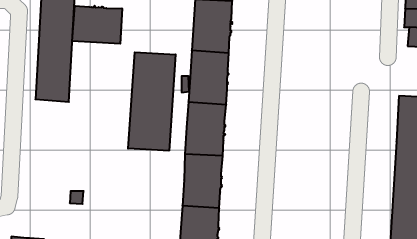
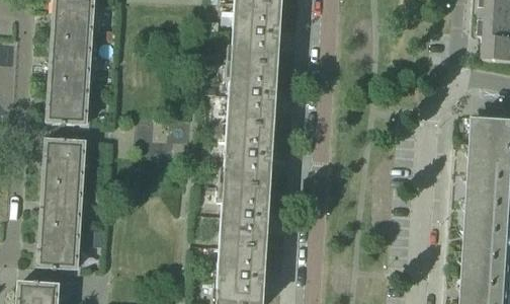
building: [72,6,122,44] -> none
building: [128,52,176,151] -> none
building: none -> [38,138,85,268]

